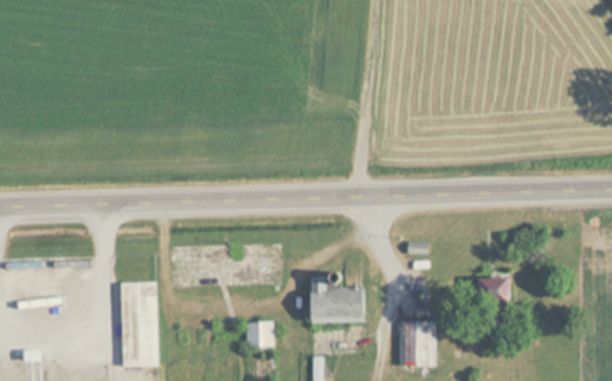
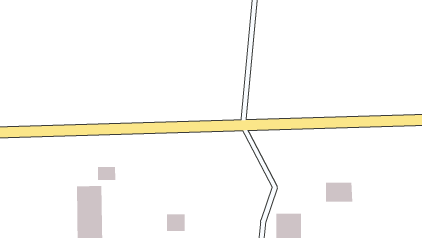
building: none -> [97,166,116,181]
building: [301,290,365,322] -> none

